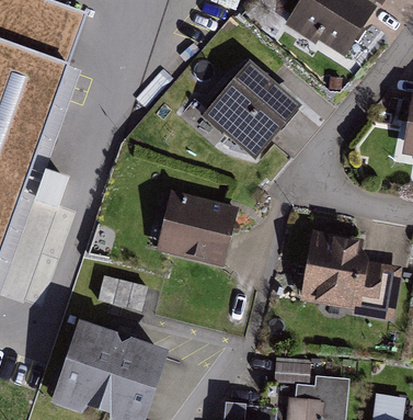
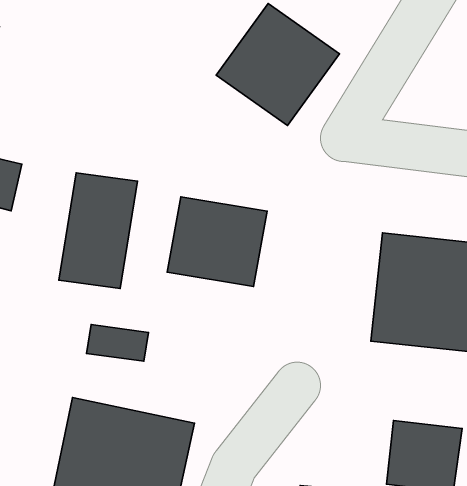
building: none -> [59,173,138,288]

